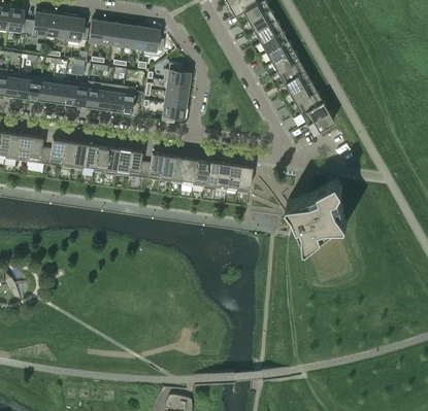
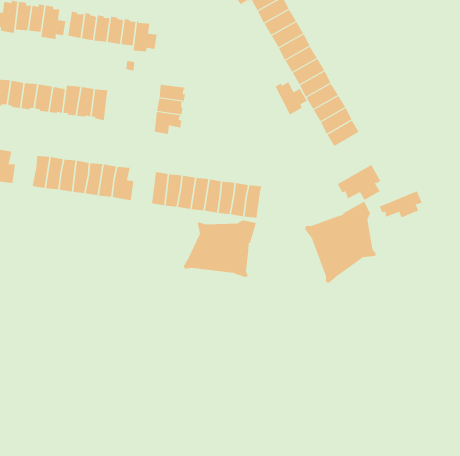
building: [164,64,190,84] -> none
building: none -> [275,81,307,115]
building: [121,87,143,113] -> none
building: [44,139,64,167] -> none
building: none -> [337,164,381,201]
building: [143,153,163,181] -> none
building: none -> [379,190,422,218]
building: none -> [183,220,257,278]

